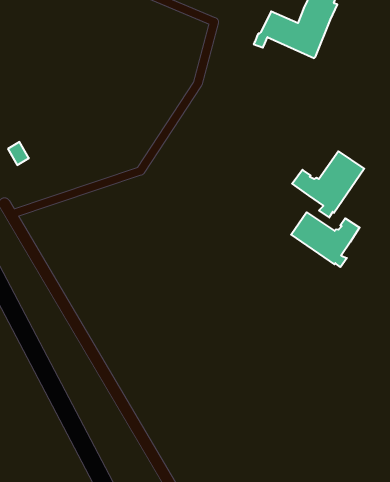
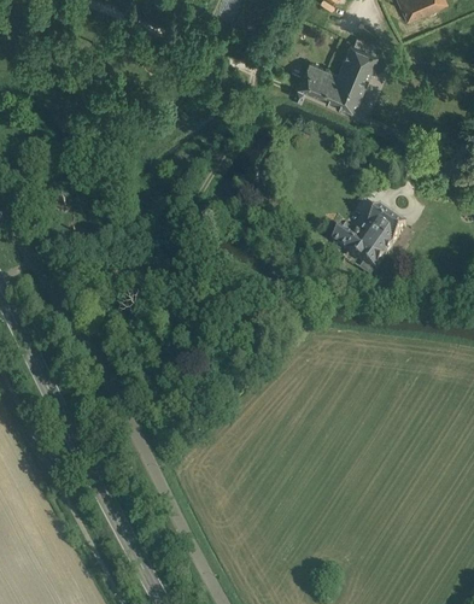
building: [291,212,360,267] -> none

